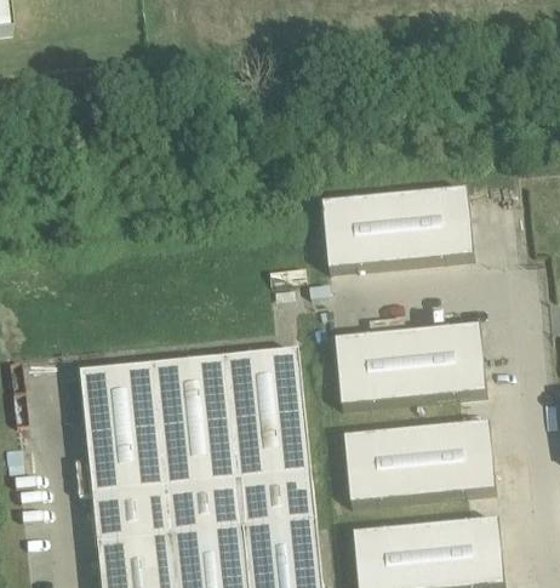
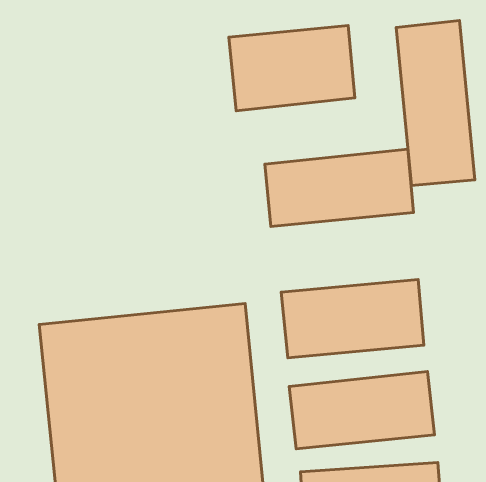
building: none -> [396,21,475,185]
building: none -> [229,26,355,111]

